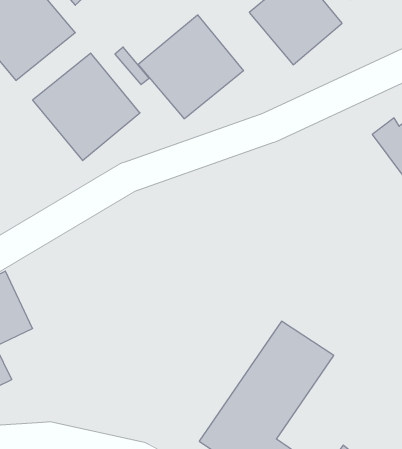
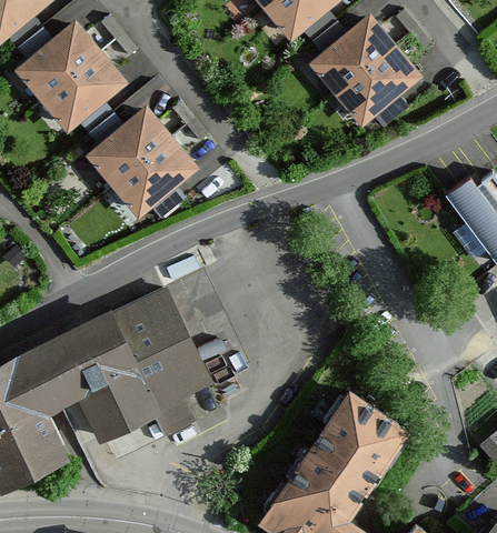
building: [138,15,243,119] -> none
building: none -> [54,288,208,435]

